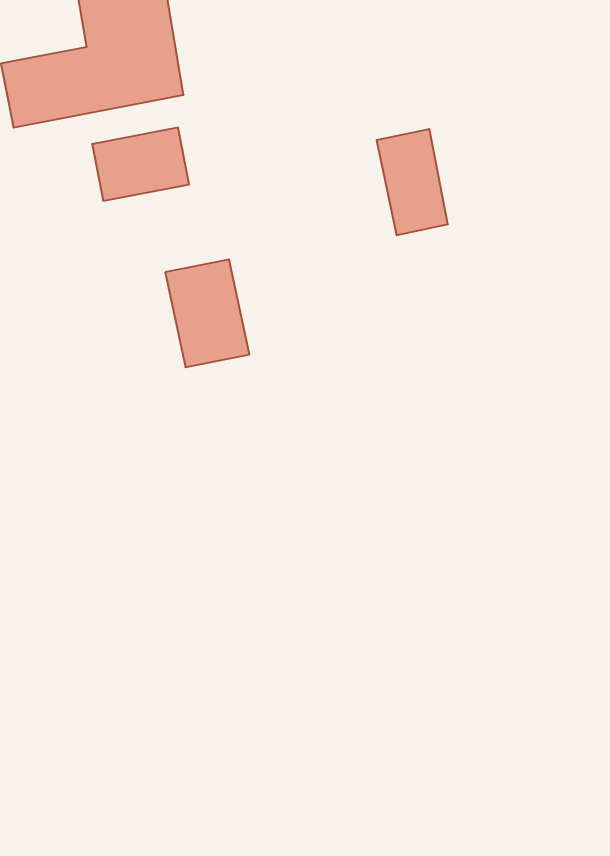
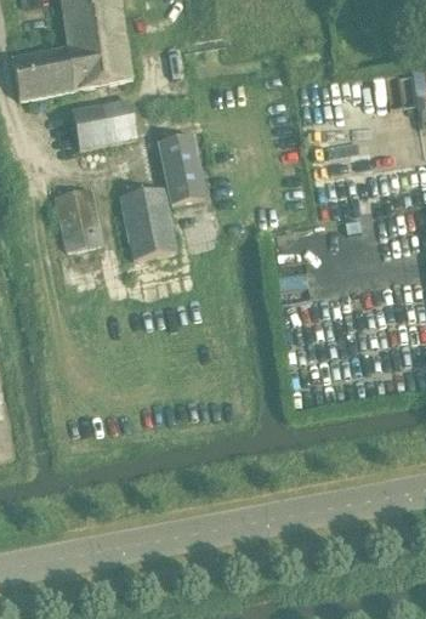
building: [377,129,448,235] -> [157,134,204,204]
building: none -> [53,188,102,250]

